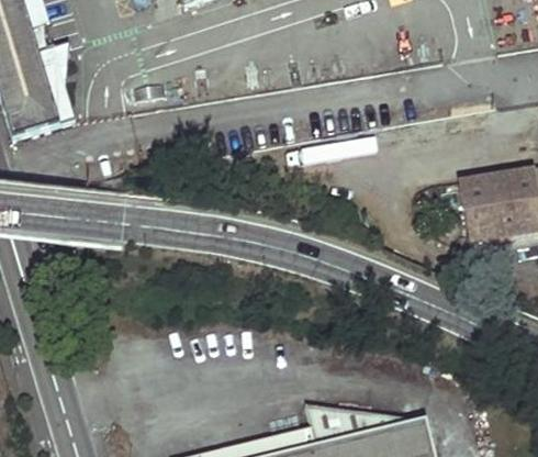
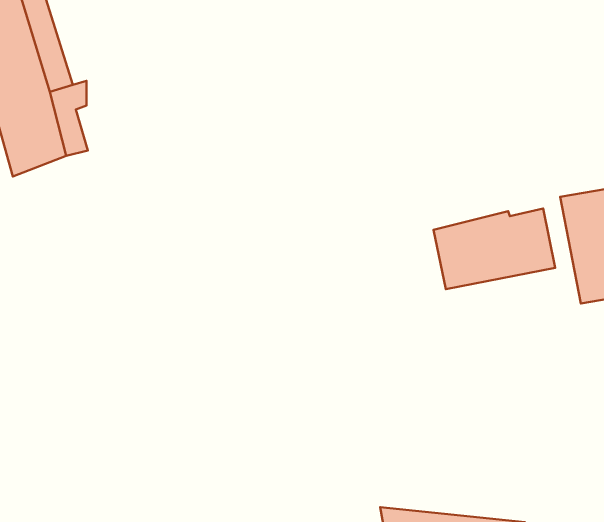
building: none -> [434,209,555,289]

